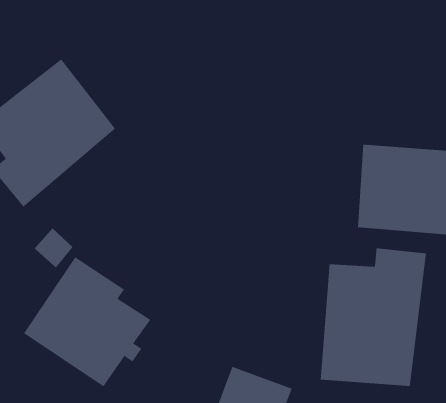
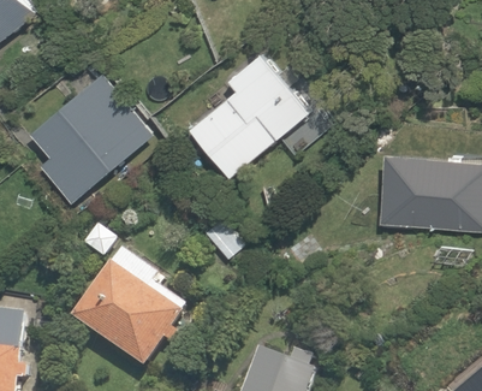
building: none -> [188,53,308,176]
building: [320,247,427,387] -> none

